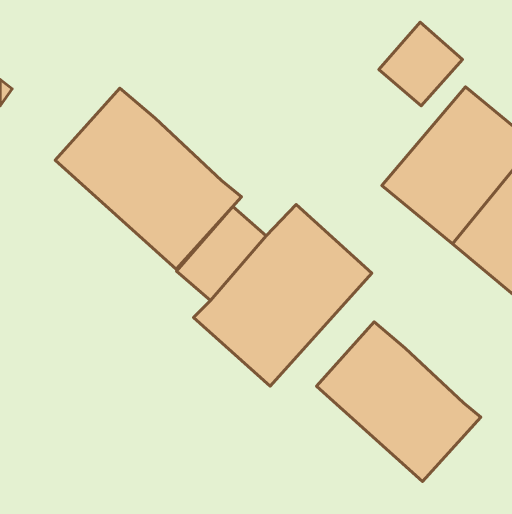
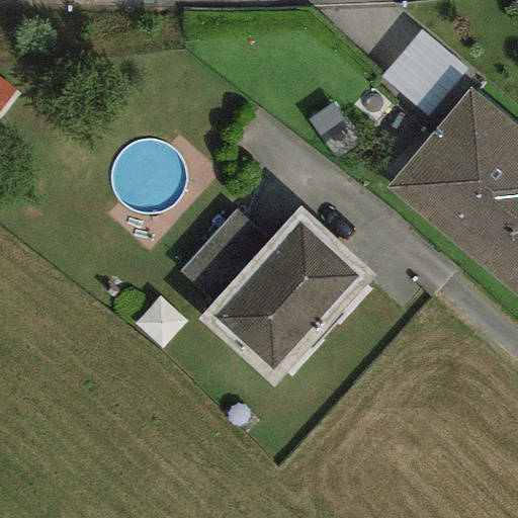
building: [55,88,242,269] -> none
building: [316,322,481,482] -> none

